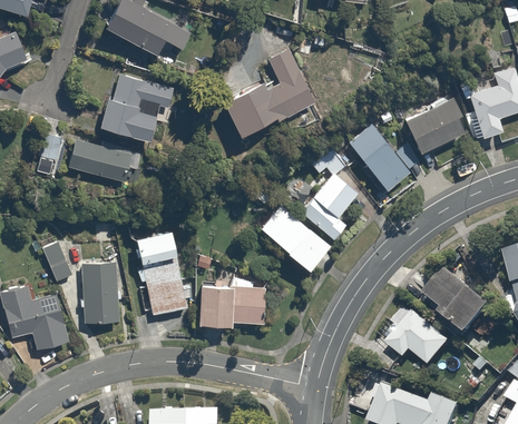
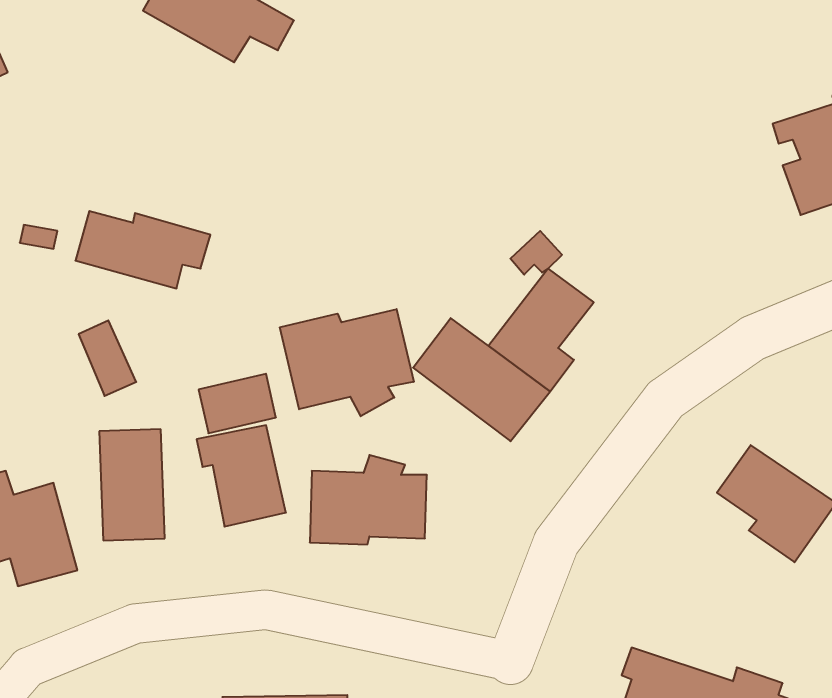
building: [225,47,314,136] -> none
building: [99,71,175,139] -> none
building: [402,96,463,151] -> none
building: [348,121,419,187] -> none
building: none -> [280,309,414,416]
building: [40,239,72,282] -> [79,320,136,396]
building: [387,304,450,366] -> none

